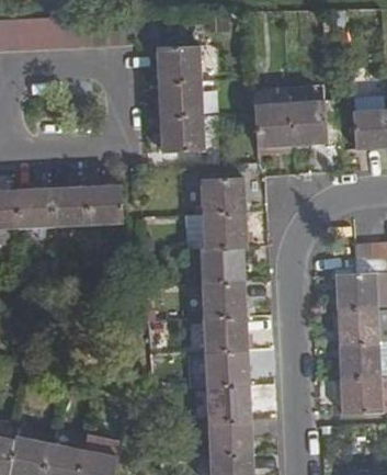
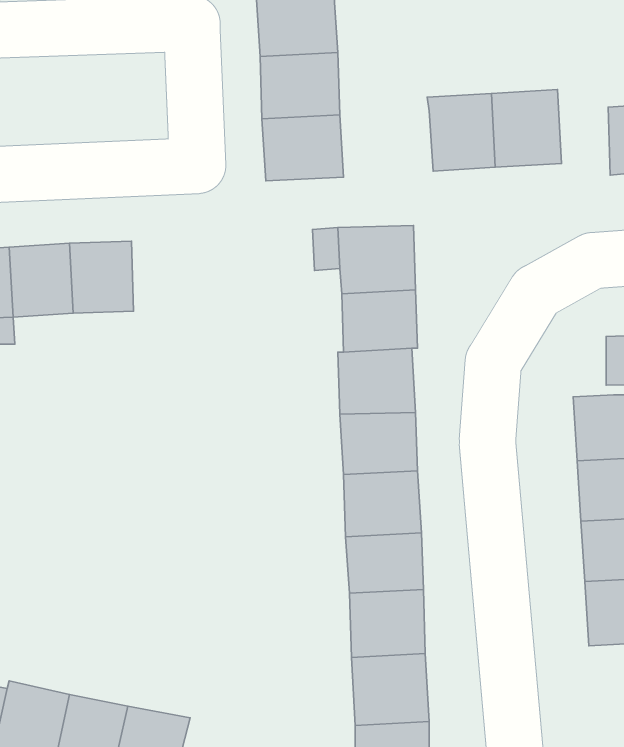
building: [86,184,123,226] -> none

